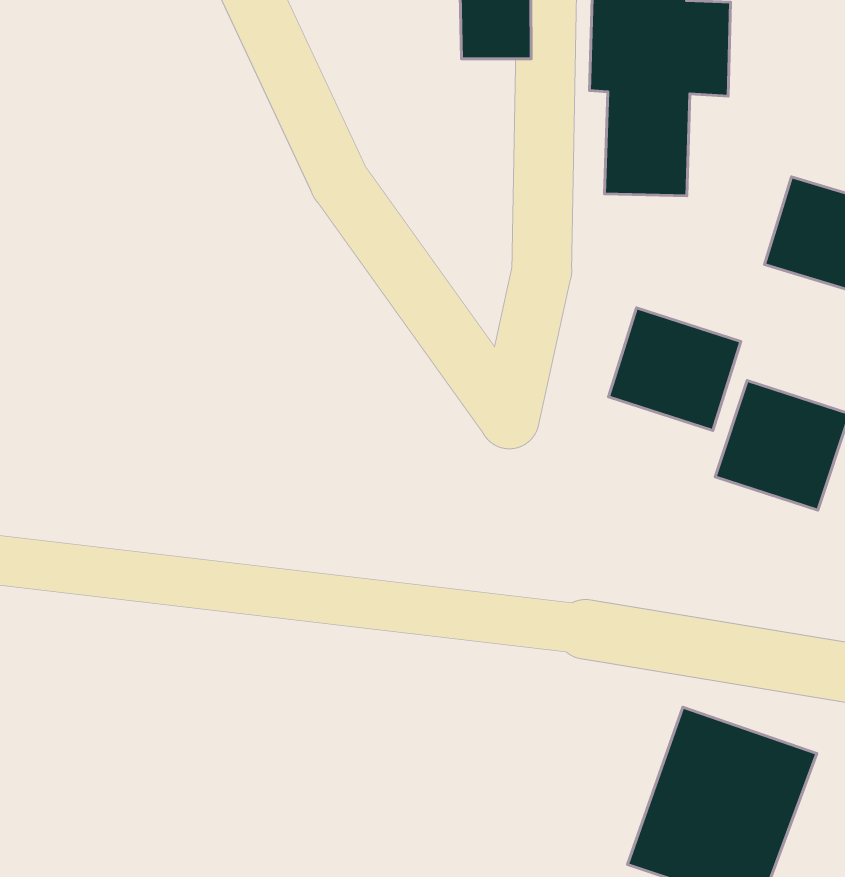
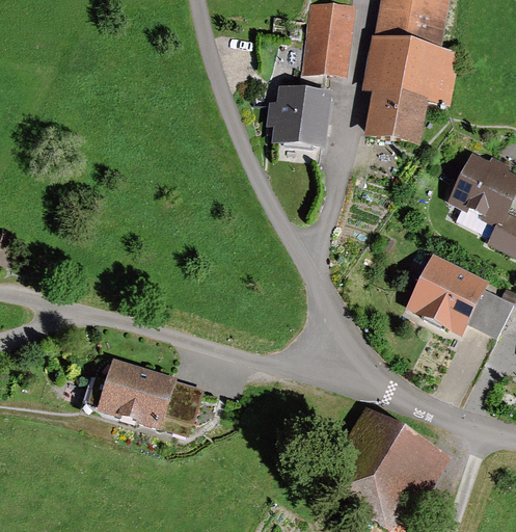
building: none -> [270,89,324,157]
building: [609,308,741,430] -> none
building: none -> [94,355,199,428]

